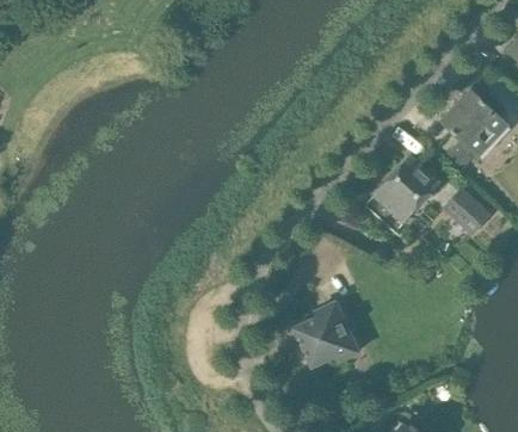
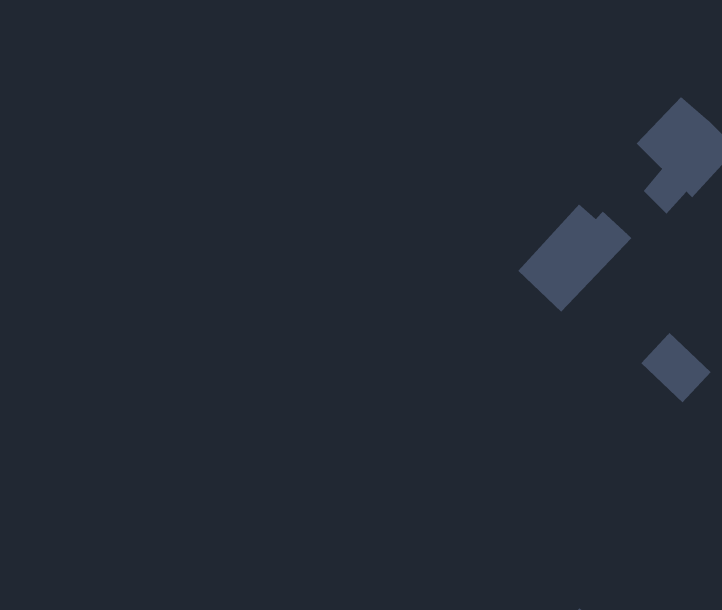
building: [443,187,489,234] -> [641,332,711,403]
building: [295,302,358,365] -> none

